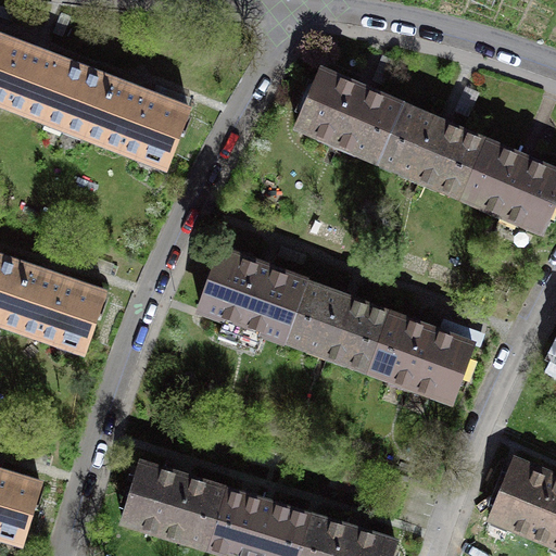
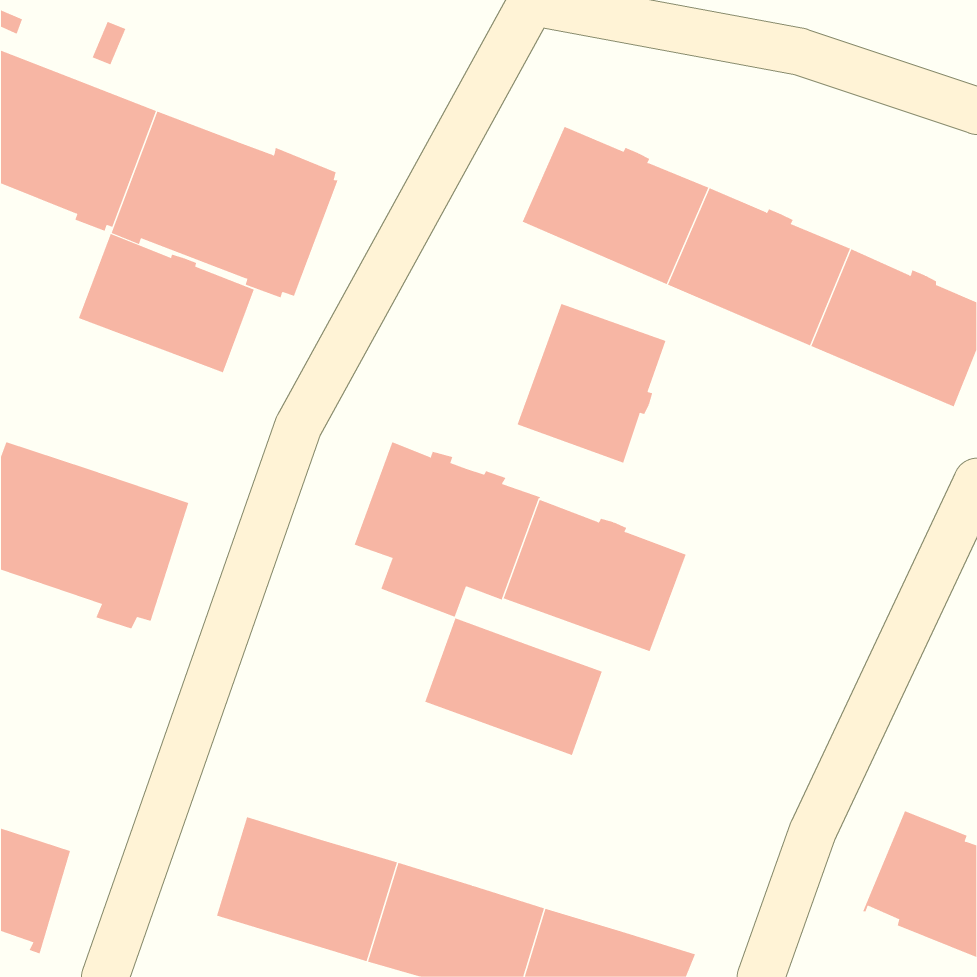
building: none -> [78,233,255,373]
building: none -> [517,303,666,463]
building: [369,315,472,401] -> none
building: none -> [425,618,602,756]

